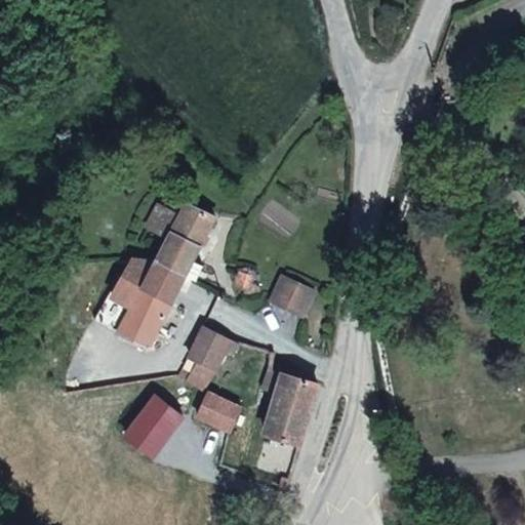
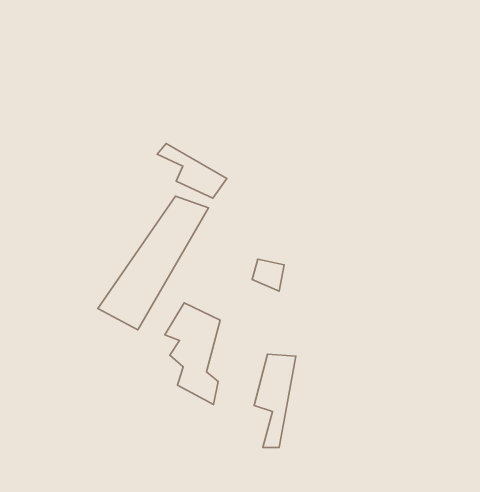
building: none -> [157,143,227,198]
building: [125,397,177,457] -> none

